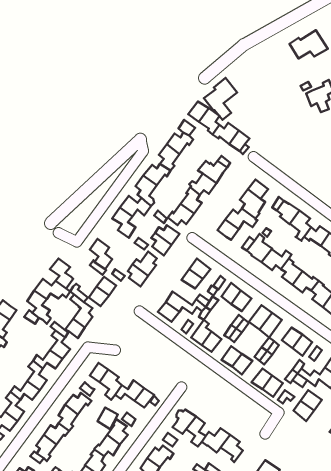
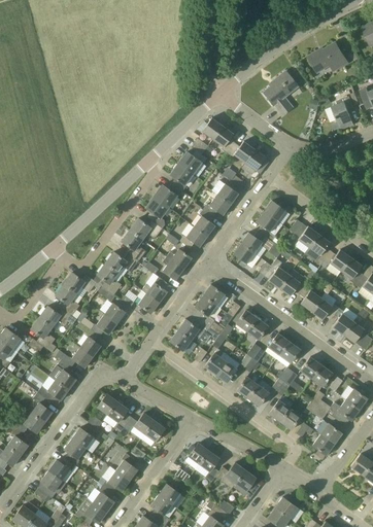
building: [204,78,237,120] -> [263,71,298,115]
building: none -> [105,252,138,273]
building: none -> [64,273,97,293]

